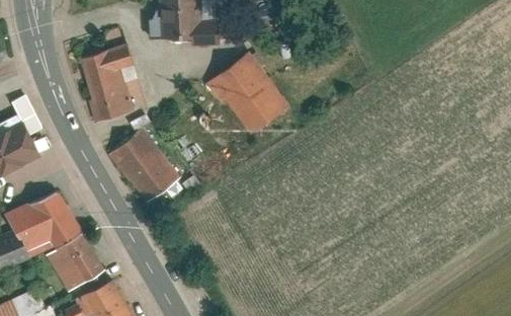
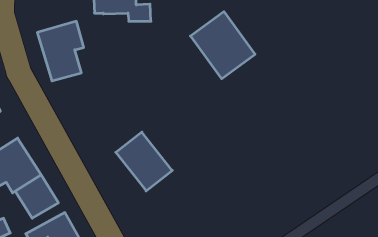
building: [207,53,287,136] -> [190,12,255,79]
building: [108,130,178,203] -> [116,132,172,191]

